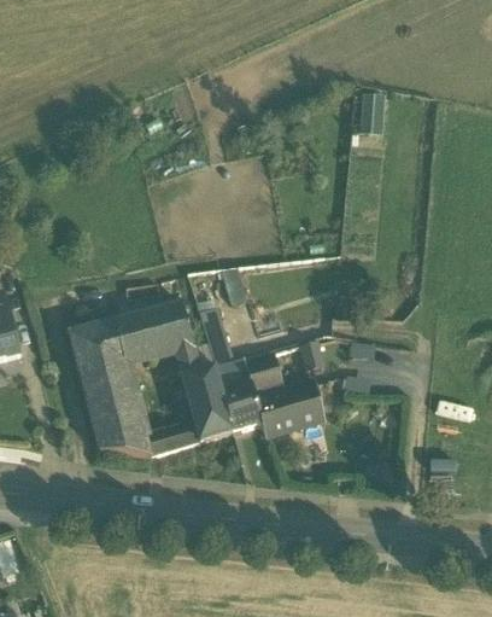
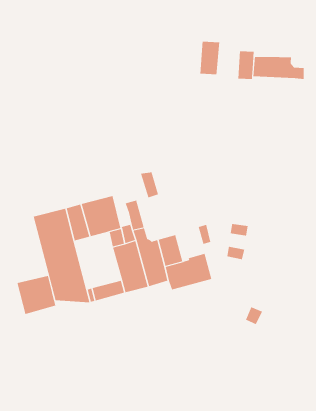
building: none -> [200,41,220,75]
building: none -> [253,56,304,80]
building: none -> [17,275,56,315]

